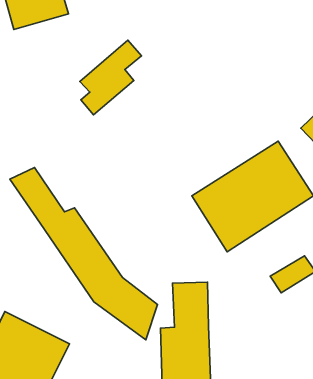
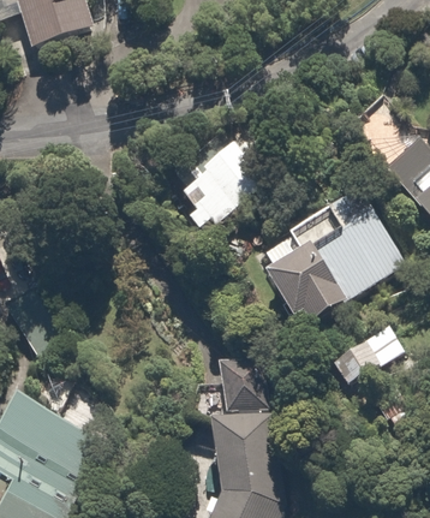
building: [80,40,142,115] -> [180,141,256,232]
building: [10,167,157,340] -> none

